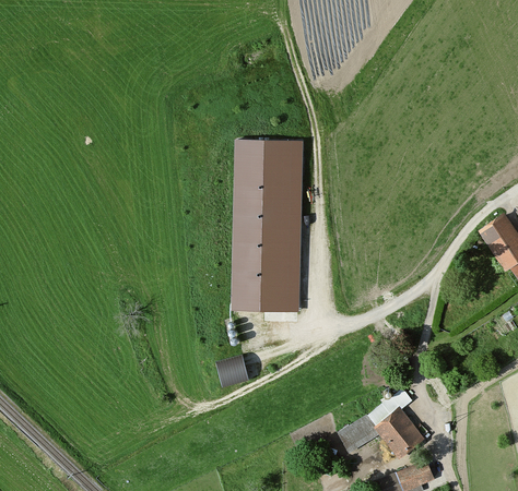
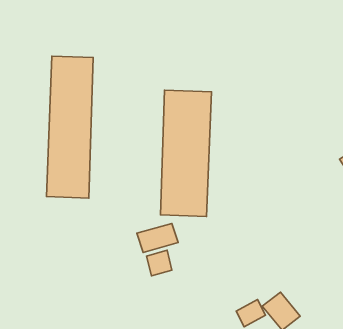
building: none -> [47,56,93,198]
building: none -> [137,223,178,252]

